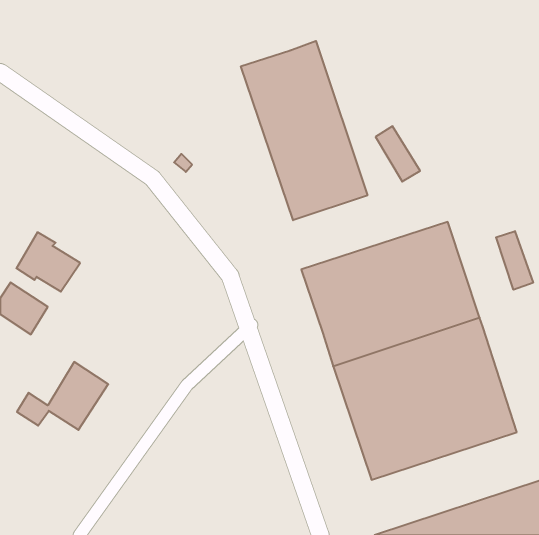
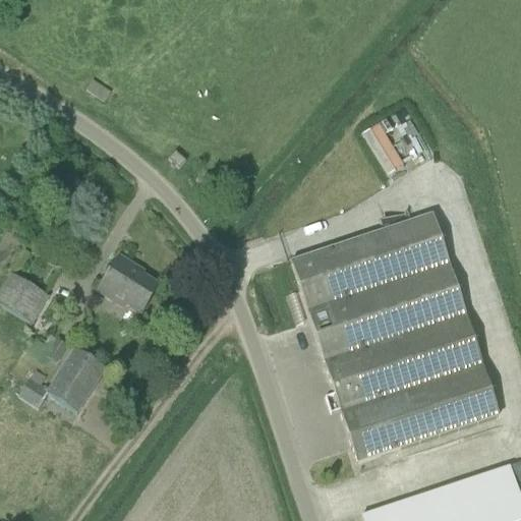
building: [241,41,367,220] -> none
building: [496,231,533,290] -> none
building: [16,232,80,292] -> [100,253,161,310]

